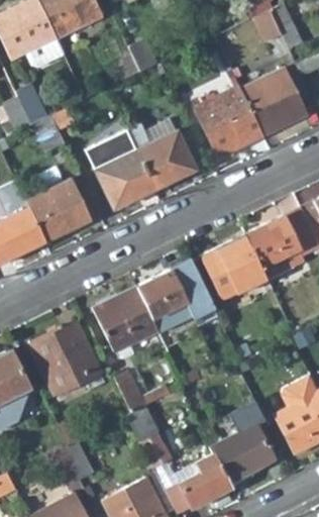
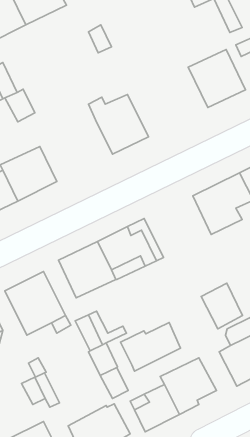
building: [195,87,263,158] -> none
building: [85,129,154,207] -> none
building: [200,235,268,301] -> none
building: none -> [201,283,243,329]
building: none -> [120,322,180,371]

